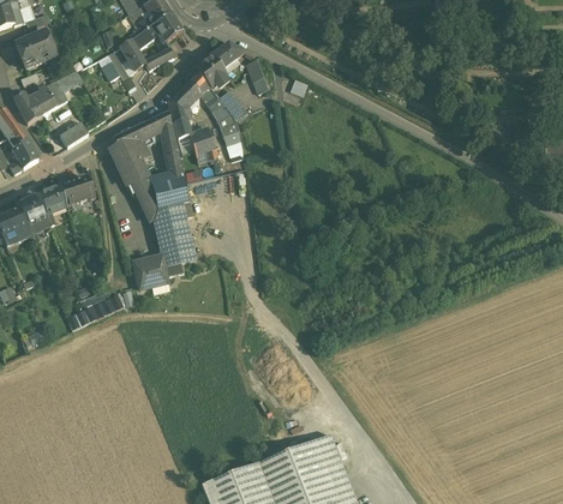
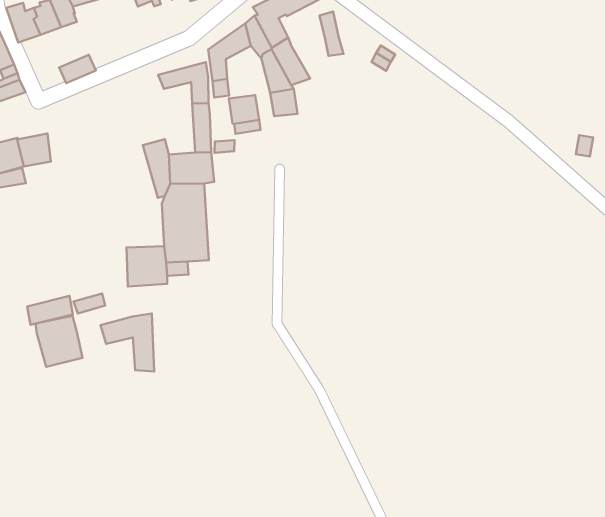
building: [109,127,148,184] -> none
building: [60,175,94,205] -> none
building: none -> [101,314,154,372]
building: none -> [36,316,82,367]

